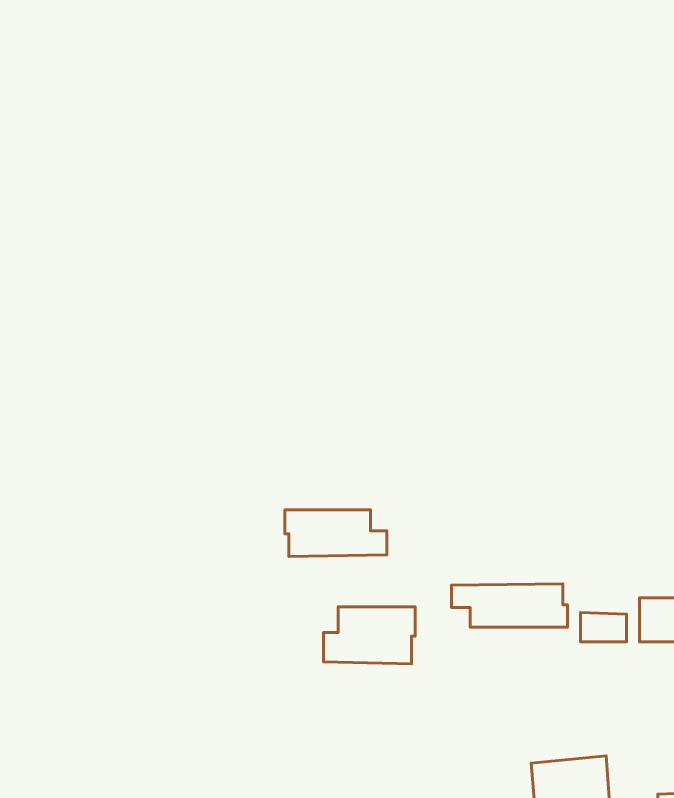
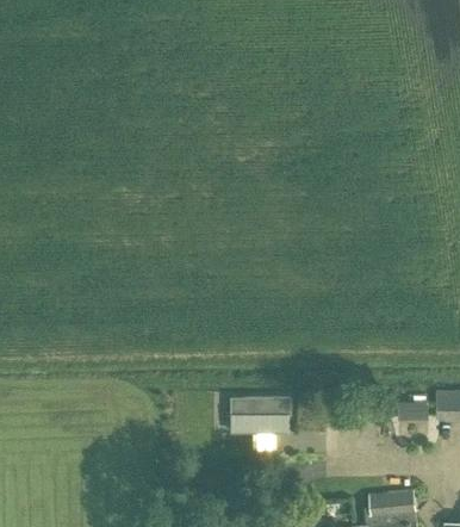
building: [285,510,387,556] -> none
building: [452,584,567,627] -> none

